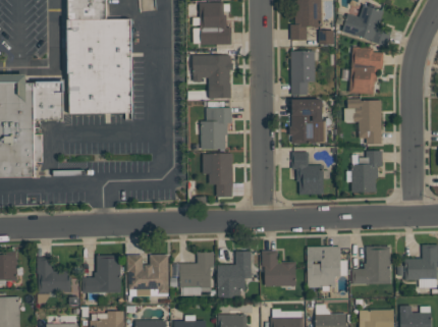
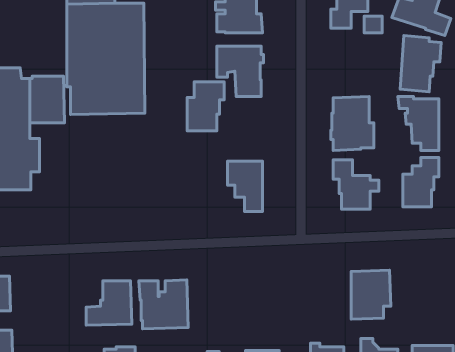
building: [291,50,316,95] -> none
building: [201,107,232,149] -> [187,82,224,131]
building: [352,246,390,283] -> none
building: [262,250,296,285] -> none
building: [218,251,252,297] -> none
building: [180,252,214,295] -> none
building: [38,257,71,303] -> none

